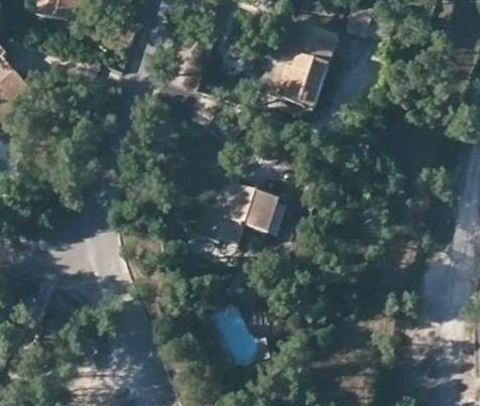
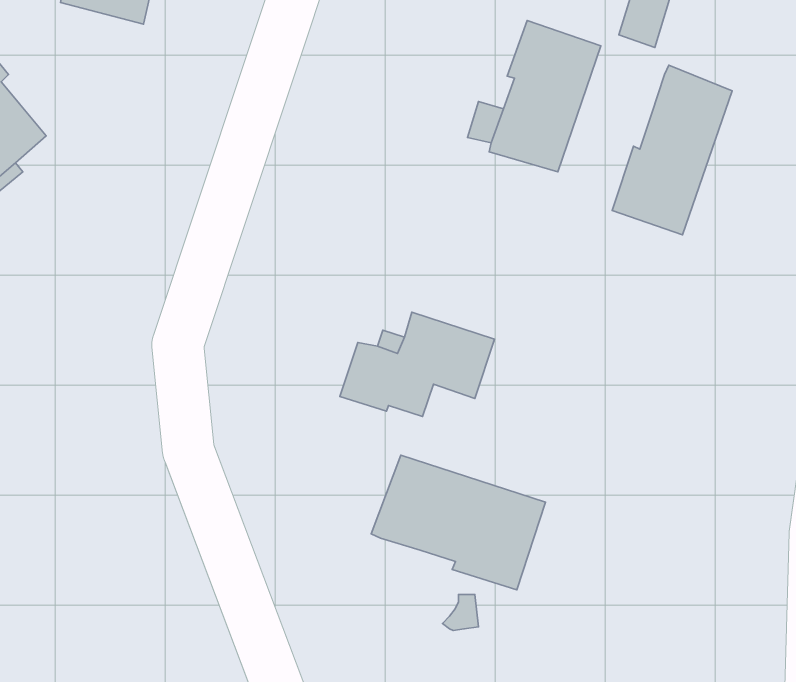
building: none -> [612,65,732,235]
building: none -> [371,455,545,590]

